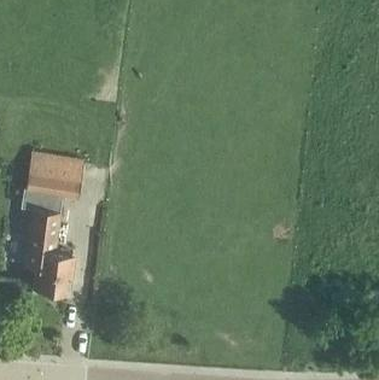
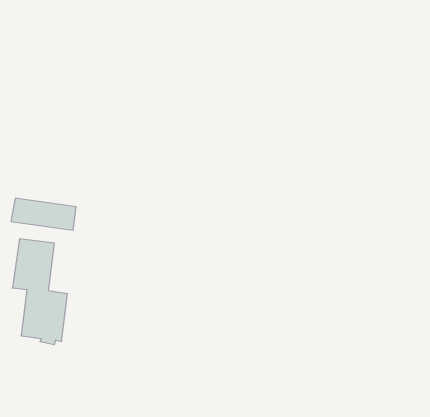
building: [29,153,83,181] -> none

